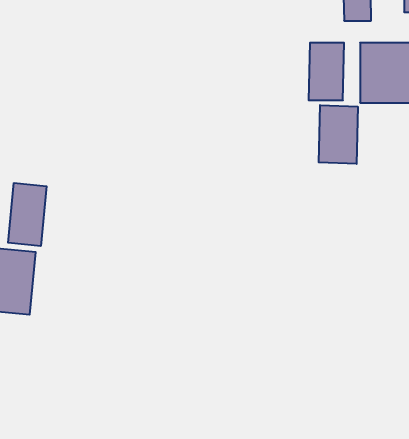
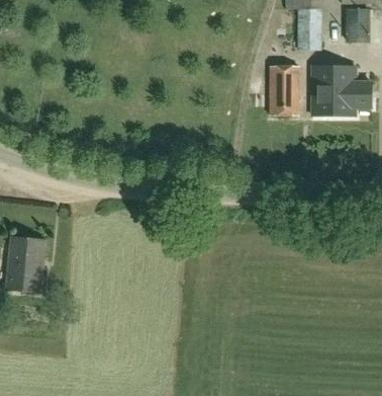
building: [319,105,358,164] -> none
building: [8,183,47,246] -> none

